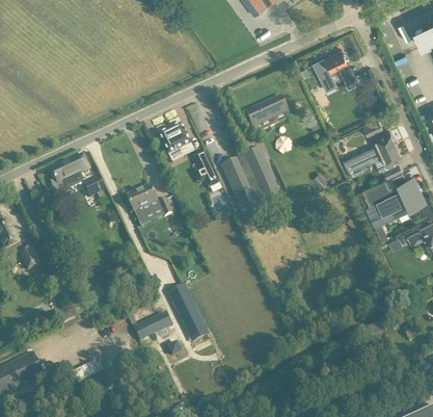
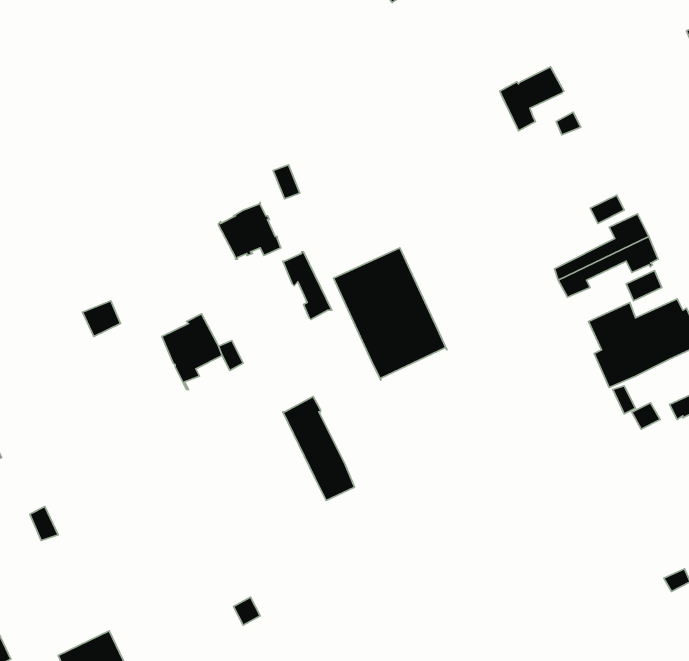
building: [245,96,287,133] -> none
building: [51,154,88,189] -> none
building: [167,284,207,341] -> [283,397,355,500]
building: [133,311,171,340] -> none

